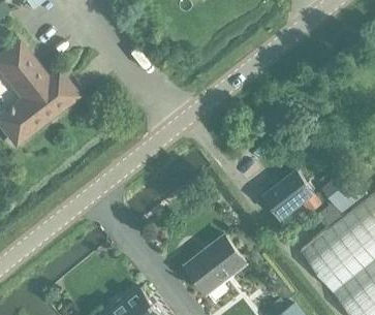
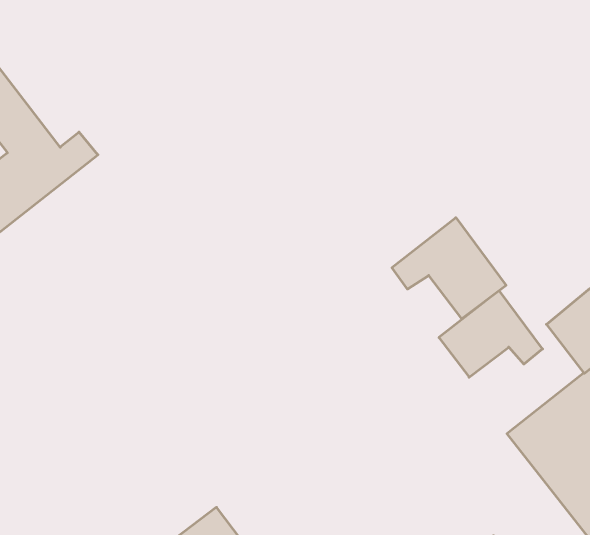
building: none -> [392,218,506,319]
building: [187,234,247,292] -> none

